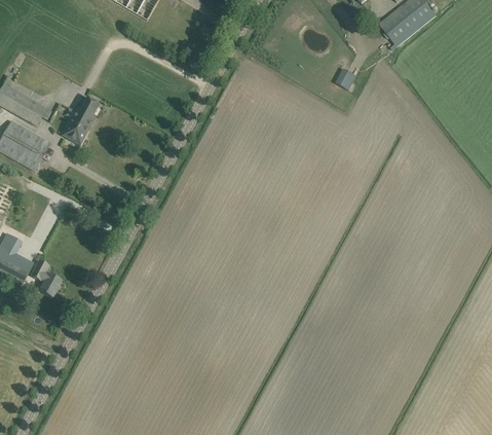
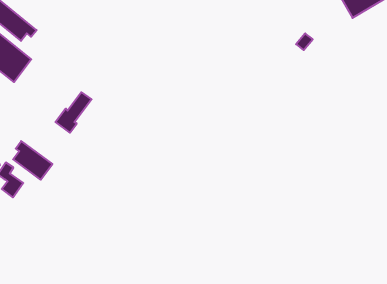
building: [62,96,98,142] -> [55,92,92,133]
building: none -> [13,141,52,180]

